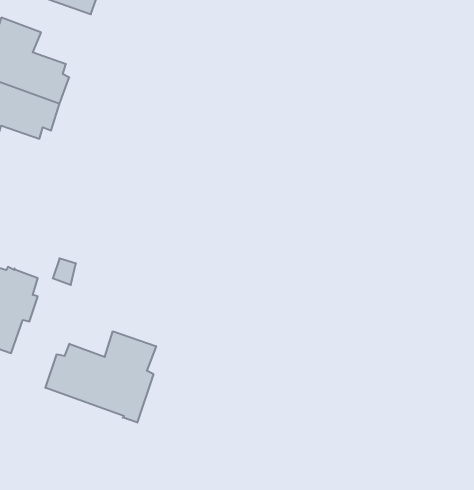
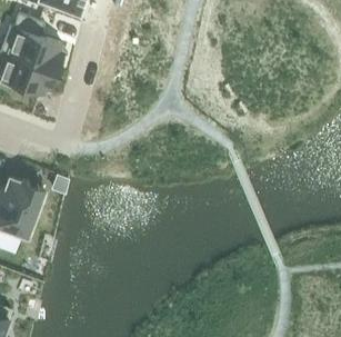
building: [45,331,156,423] -> none

